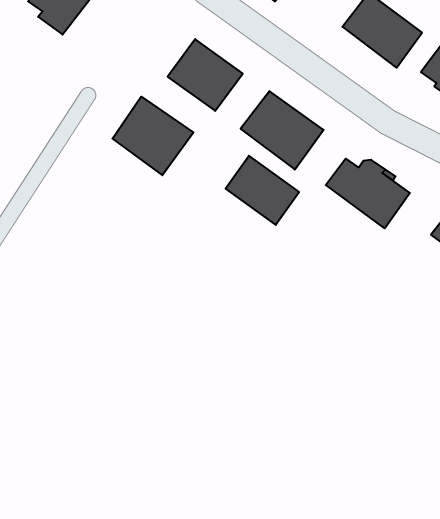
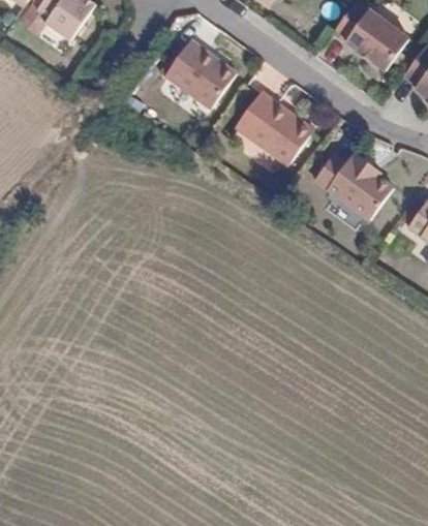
building: [112,97,193,175] -> none
building: [226,156,299,225] -> none

